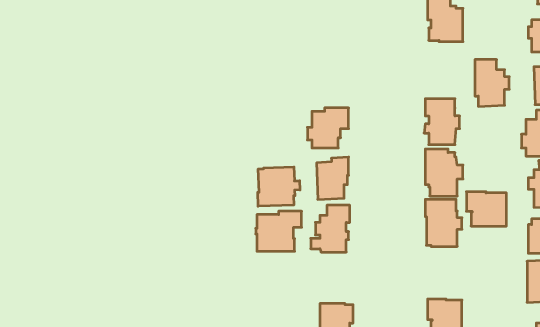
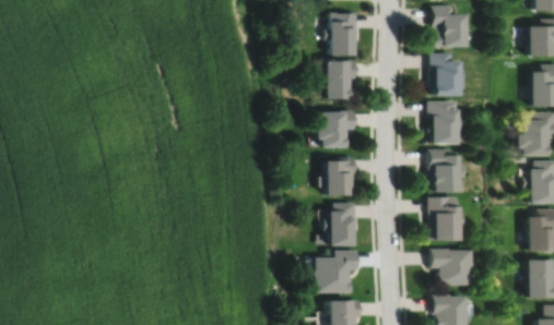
building: none -> [326,12,358,56]
building: none -> [326,60,357,100]
building: [475,60,509,106] -> [432,52,464,97]
building: [258,167,300,206] -> none
building: [466,192,506,226] -> [432,250,470,282]
building: [256,211,302,251] -> [315,251,358,289]

